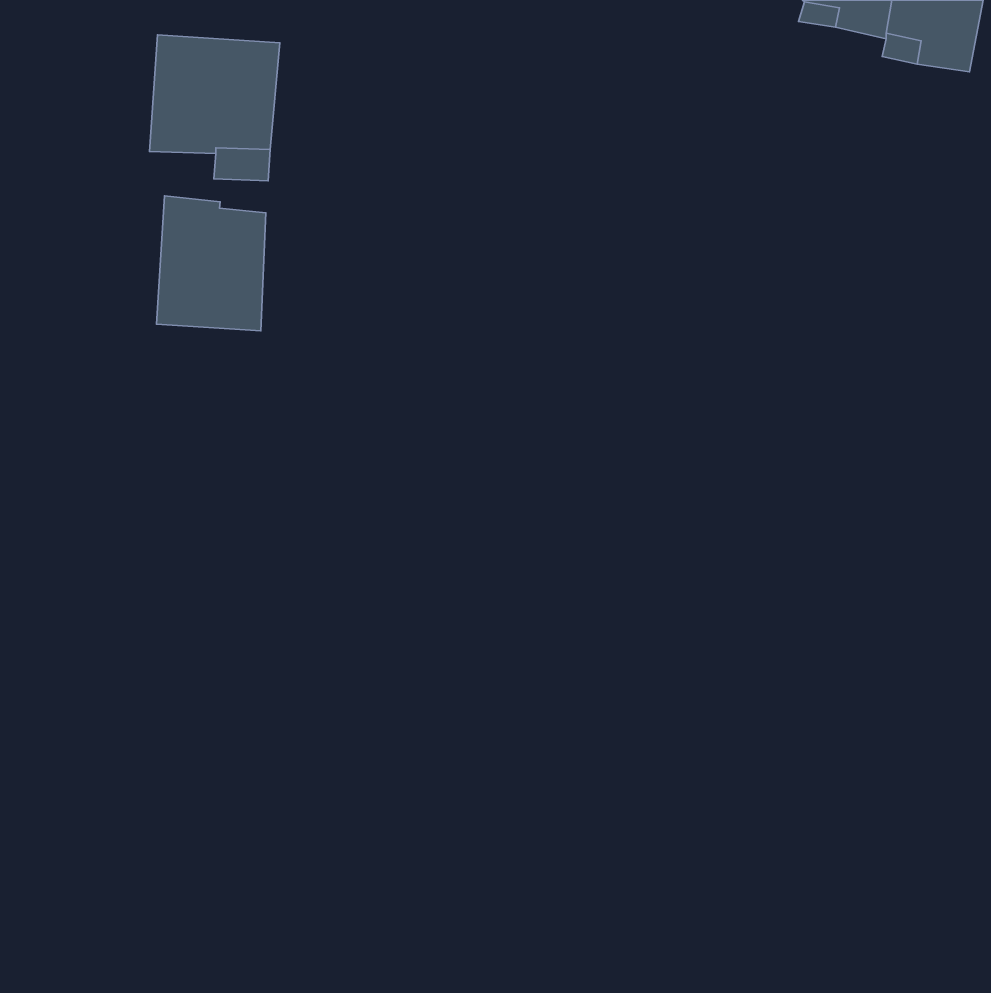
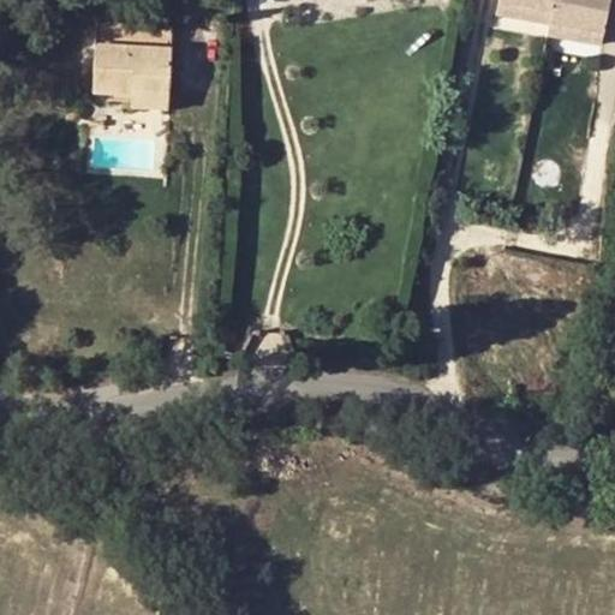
building: [157,196,266,331] -> none

